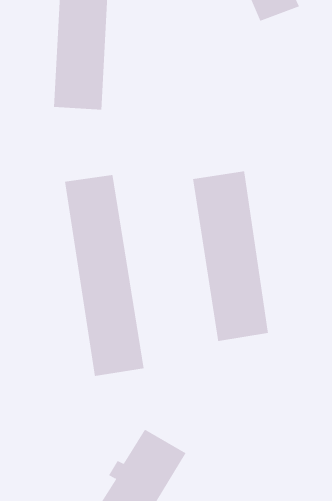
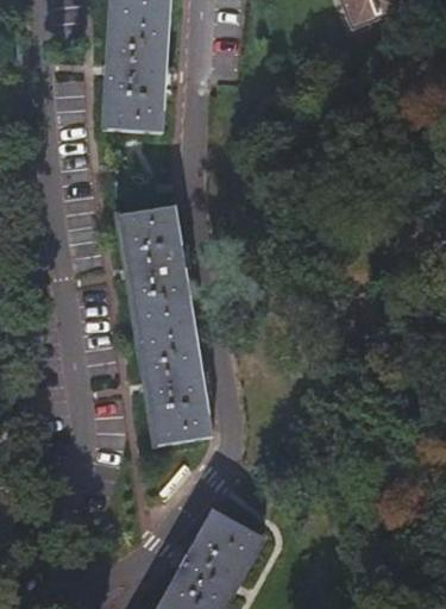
building: [193,171,268,342] -> none

